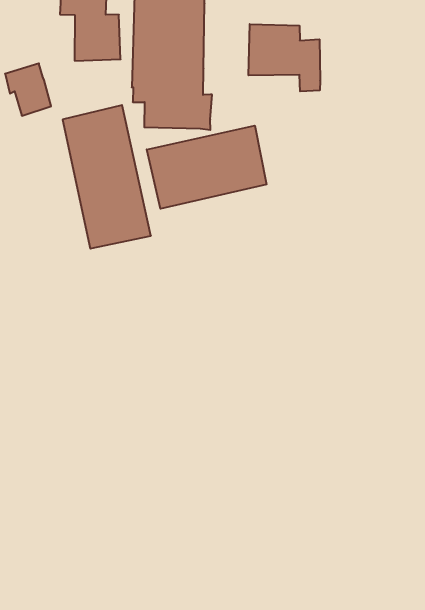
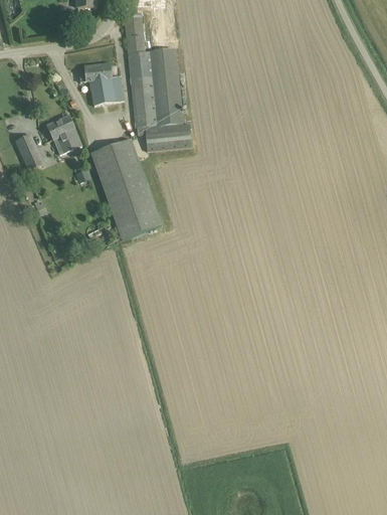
building: [249,24,320,91] -> none
building: [147,126,267,209] -> none

